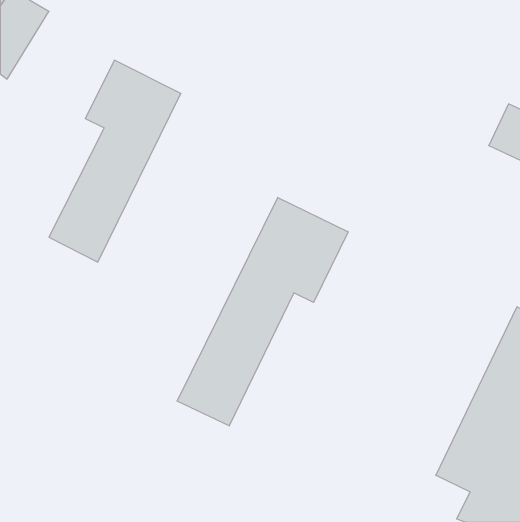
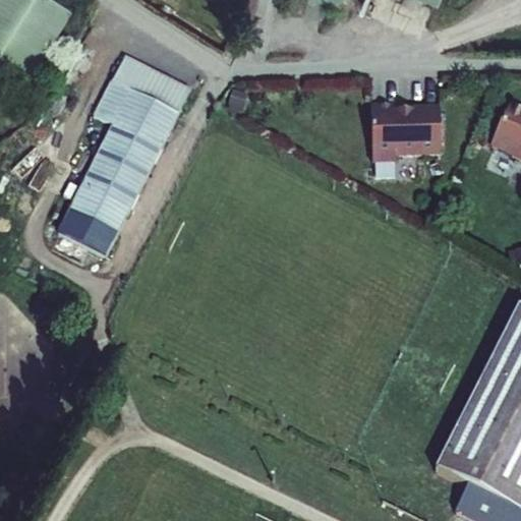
building: none -> [369,100,439,157]
building: [177,197,348,426] -> none

